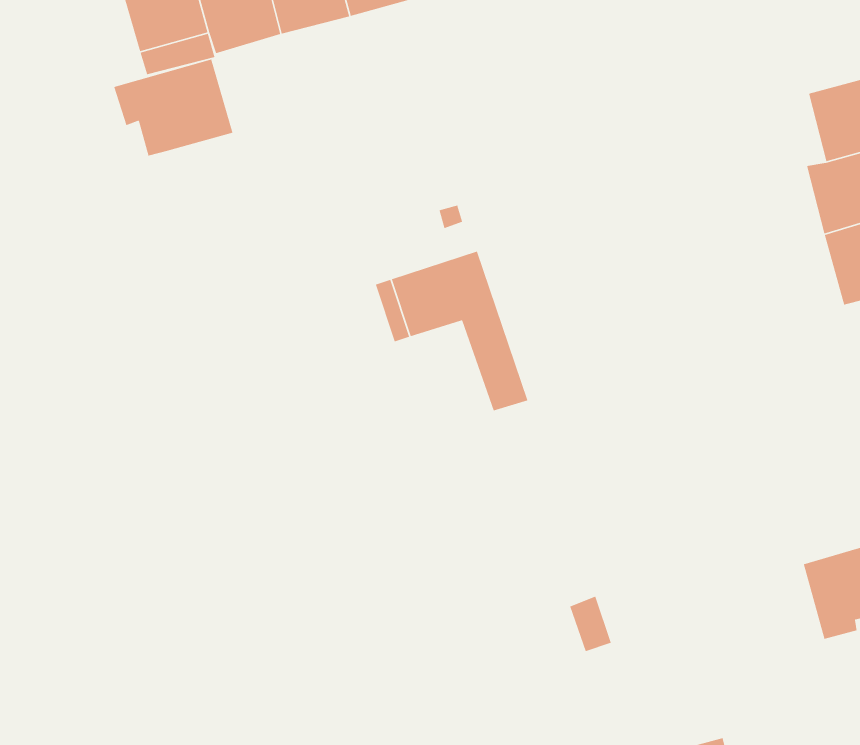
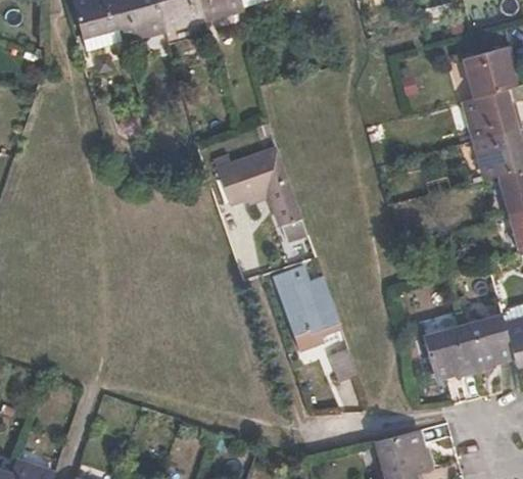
building: [113,59,234,156] -> none
building: none -> [272,264,336,350]
building: none -> [425,331,477,380]

